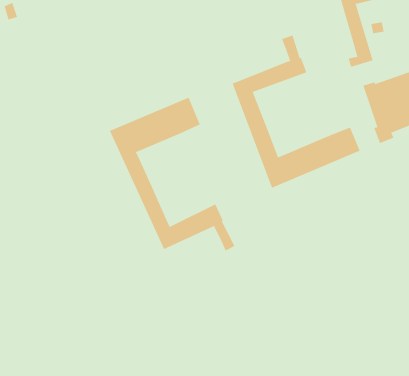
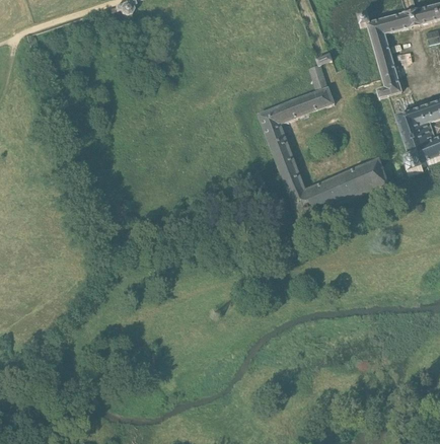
building: [109,97,235,252] -> none

